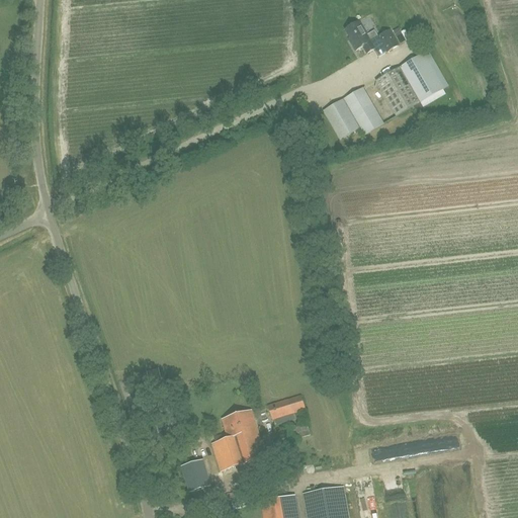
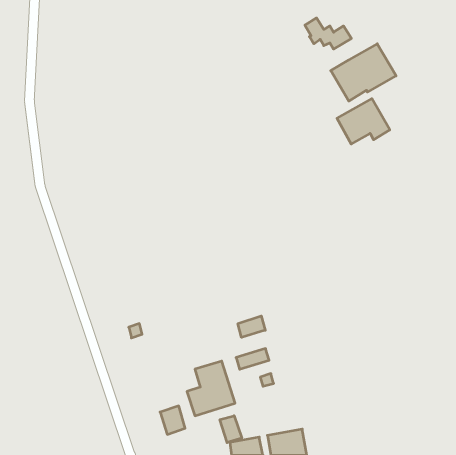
building: [323,87,382,139] -> [337,99,390,144]
building: none -> [238,316,265,337]
building: none -> [220,416,242,443]

